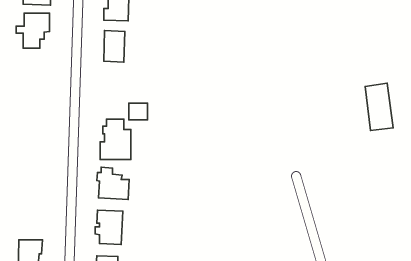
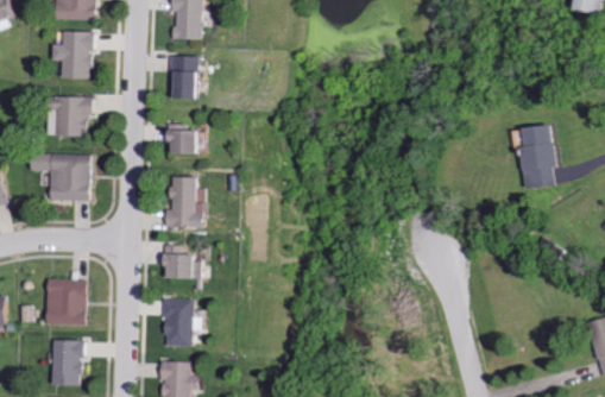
building: none -> [48,94,93,133]
building: none -> [39,153,92,197]
building: [129,103,147,120] -> [166,130,191,152]
building: none -> [50,279,89,323]

